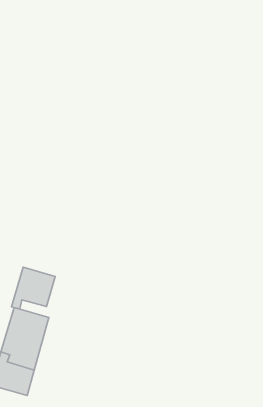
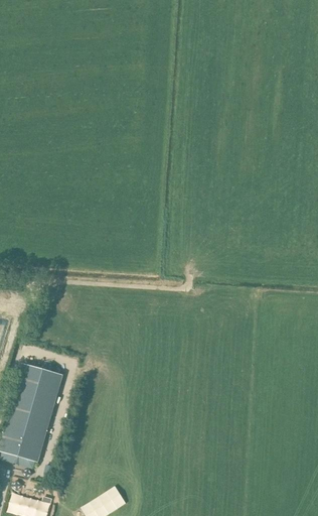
building: [11,267,55,309] -> none

